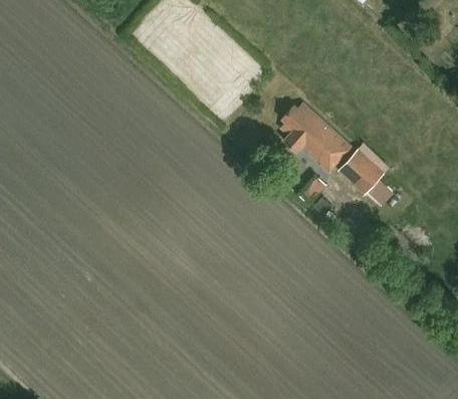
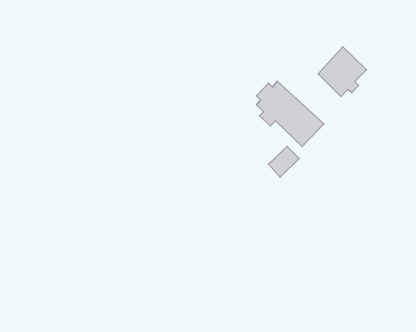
building: [339,145,389,195] -> [318,47,367,96]

